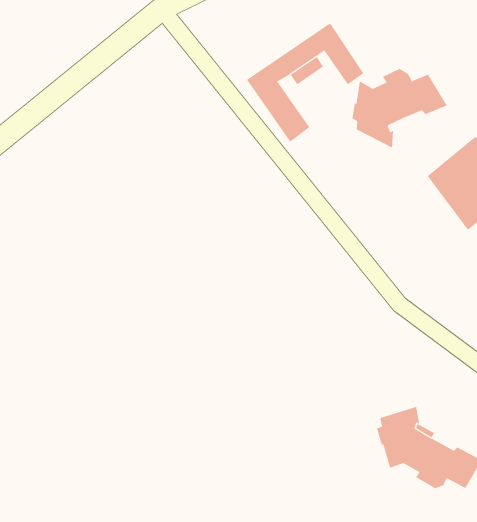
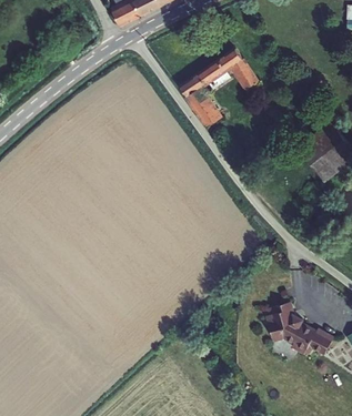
building: [352,68,448,148] -> none

